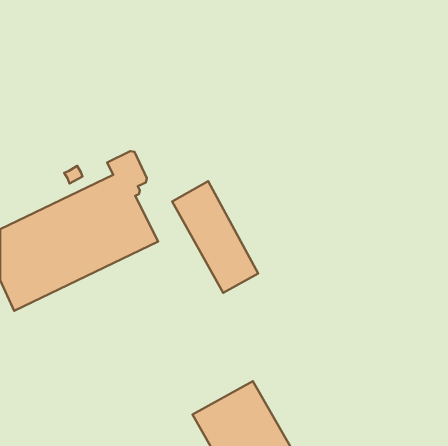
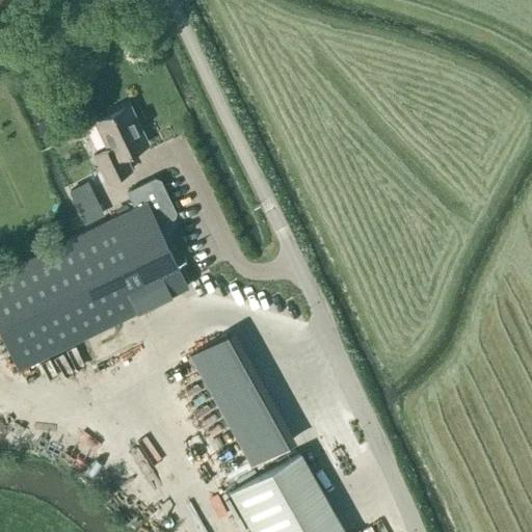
building: none -> [95,108,147,185]
building: [172,181,258,293] -> [190,335,292,467]

